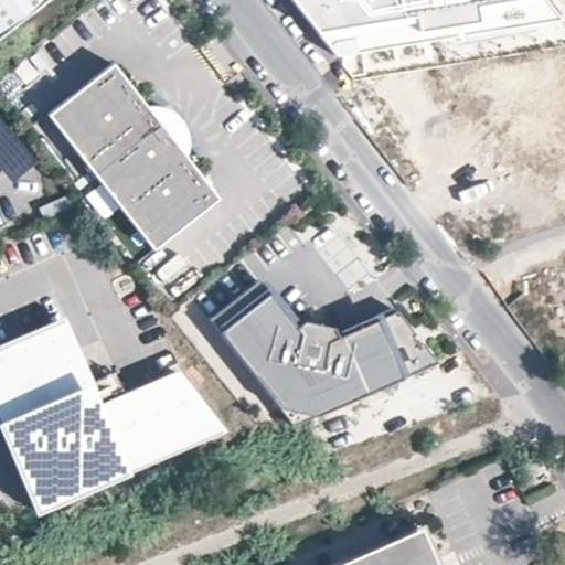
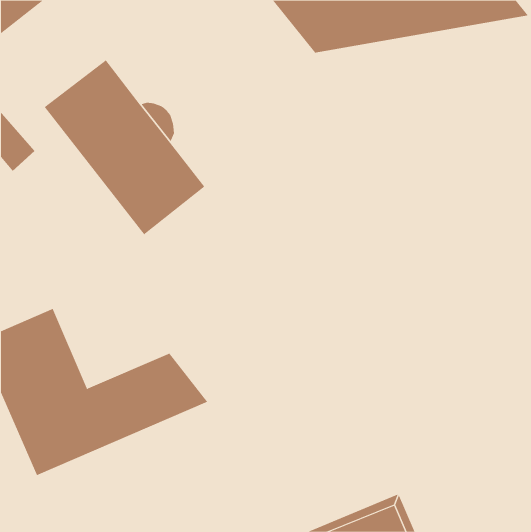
building: [210,280,438,415] -> none

